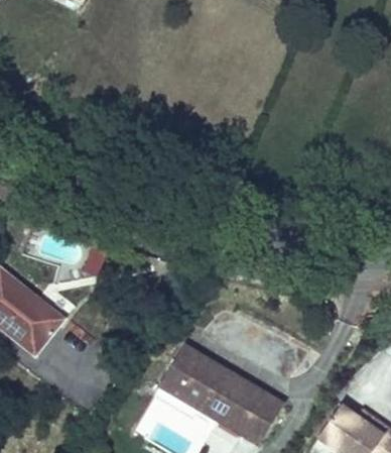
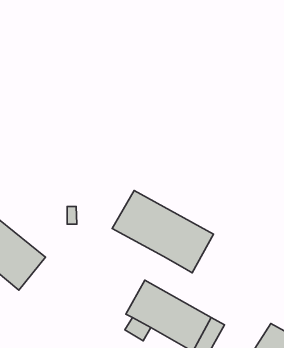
building: none -> [112,191,214,273]

